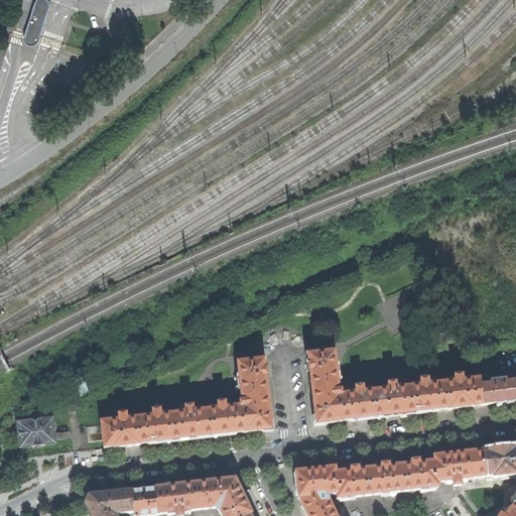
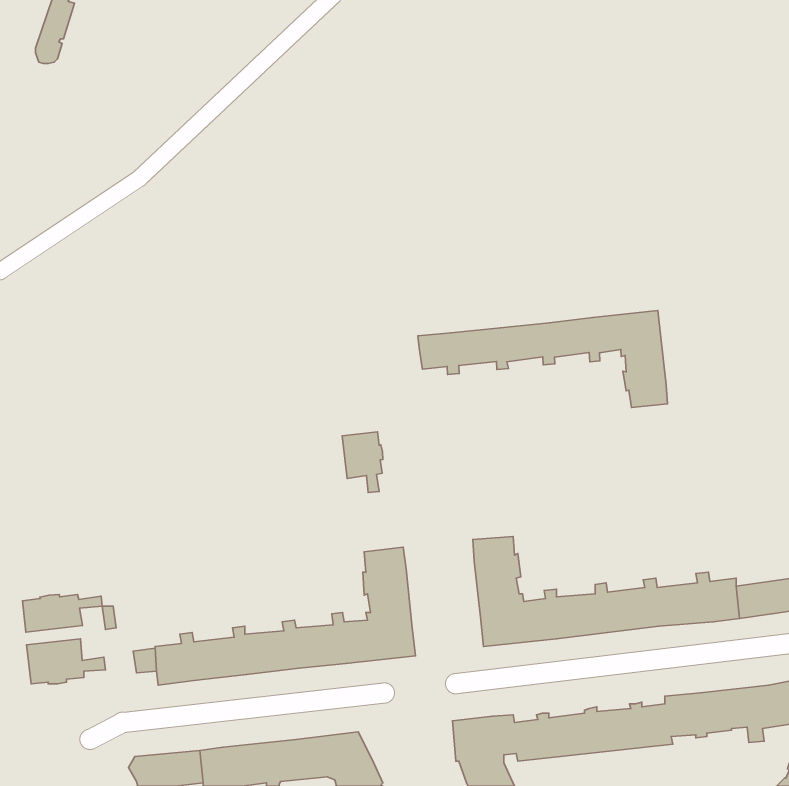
building: none -> [418,310,668,407]
building: none -> [342,432,383,493]
building: none -> [22,594,102,632]

